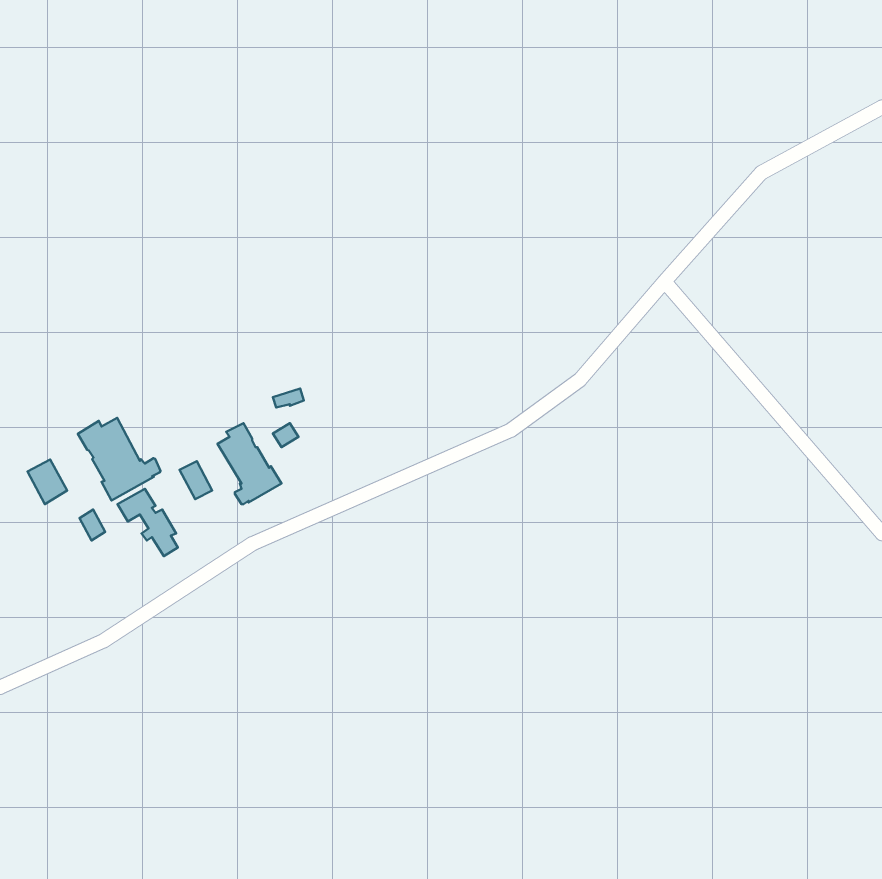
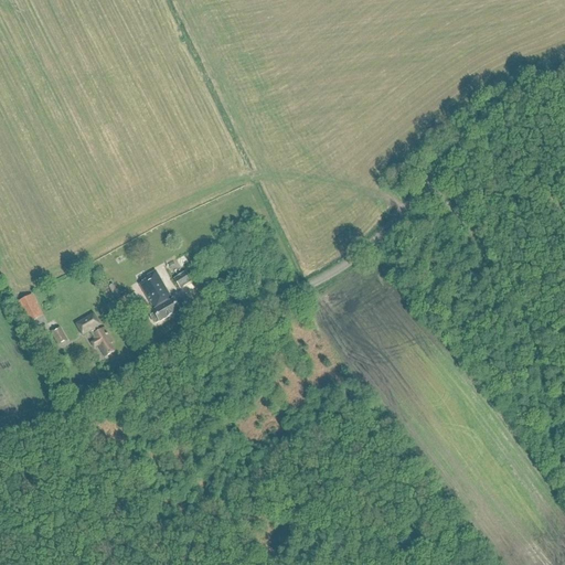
building: [78,418,161,500] -> none

